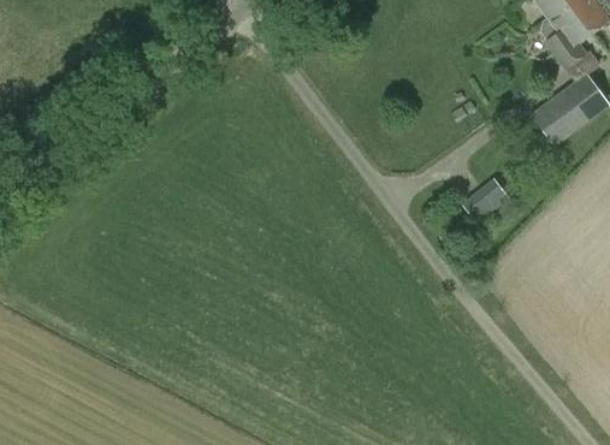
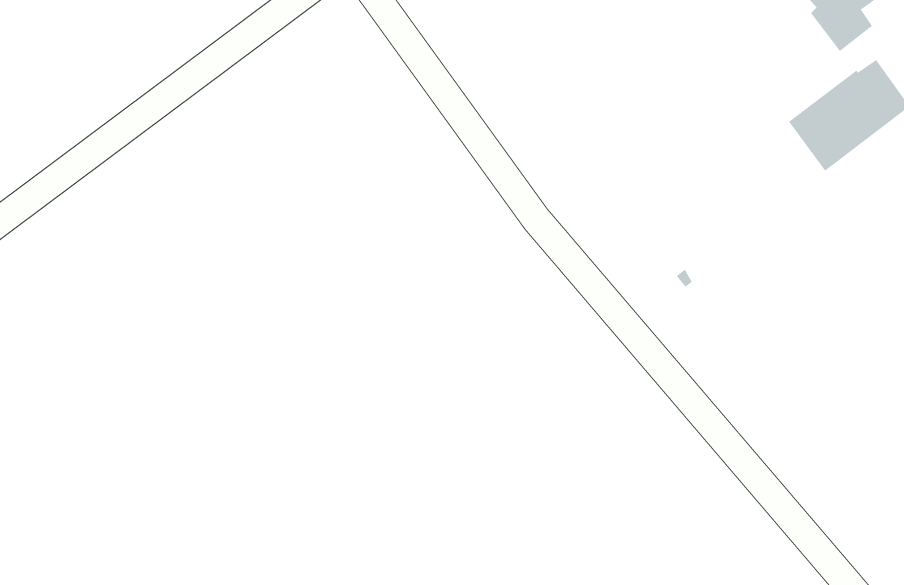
building: [464,182,509,222] -> none

